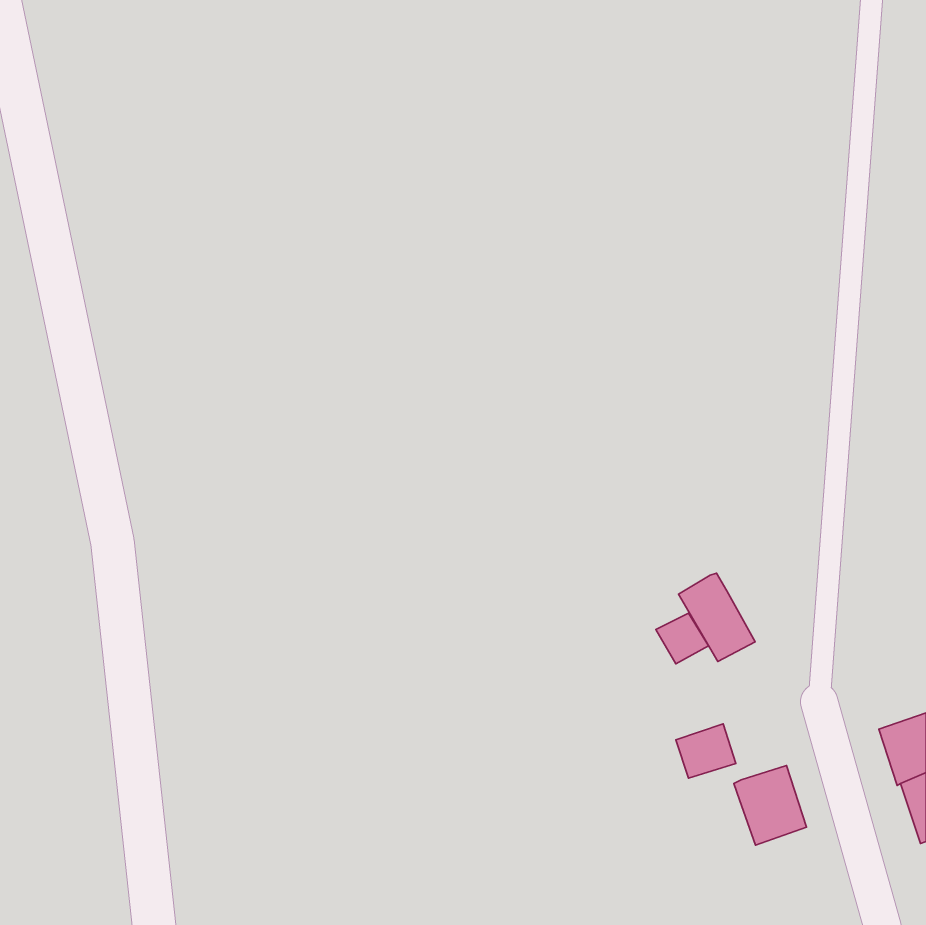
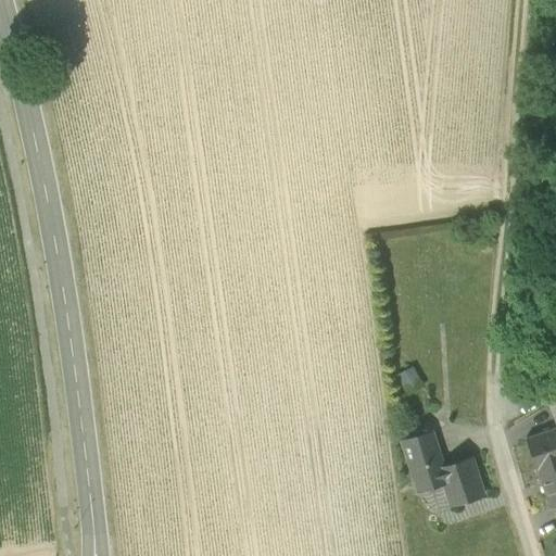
building: [678,573,755,662] -> none
building: none -> [413,458,444,488]

